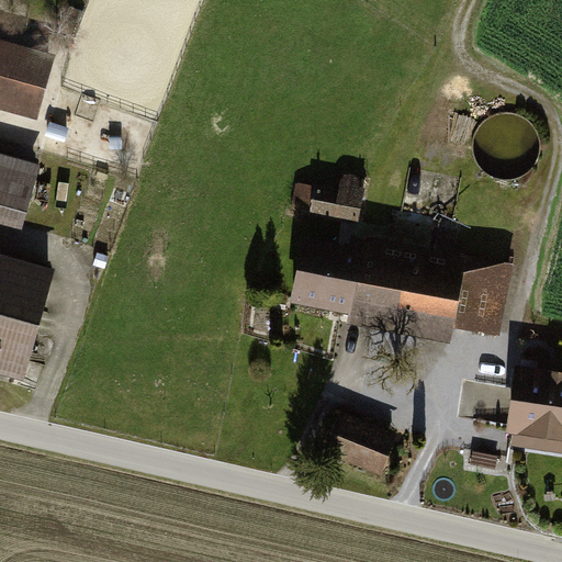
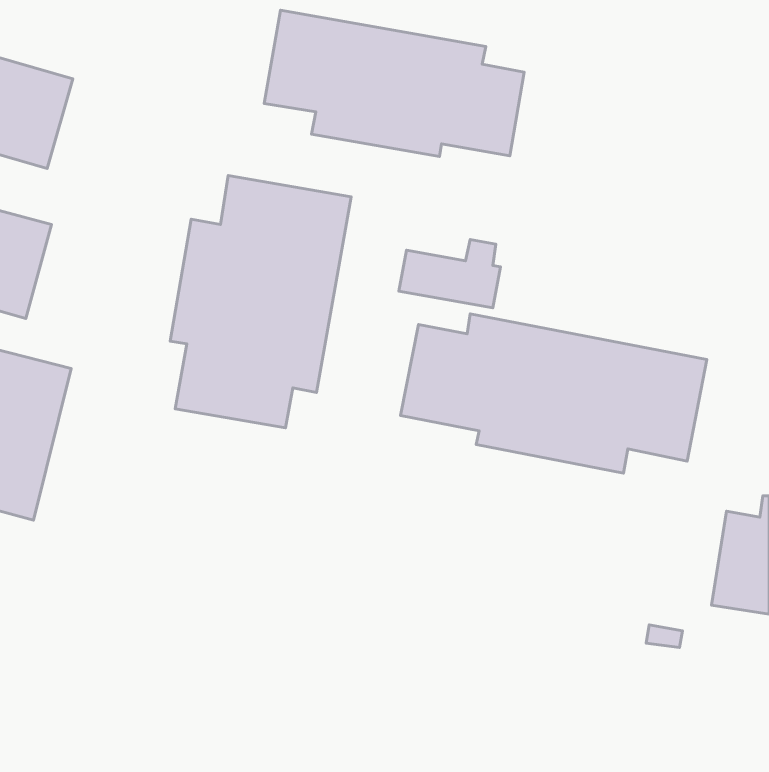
building: none -> [264,10,524,156]
building: none -> [170,175,351,428]
building: [323,413,395,476] -> none

